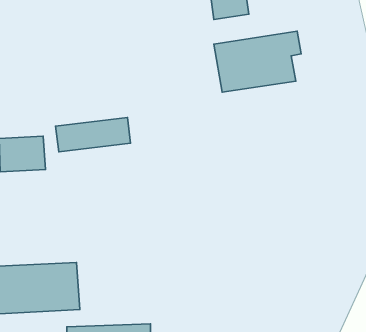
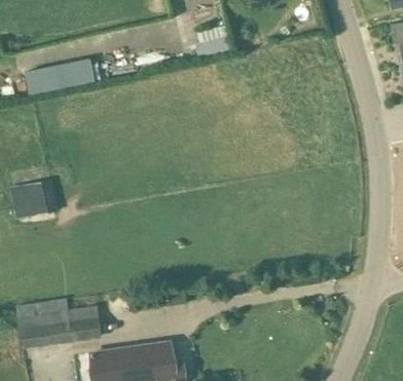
building: [214,31,301,92] -> none
building: [56,117,130,152] -> [25,56,96,94]

